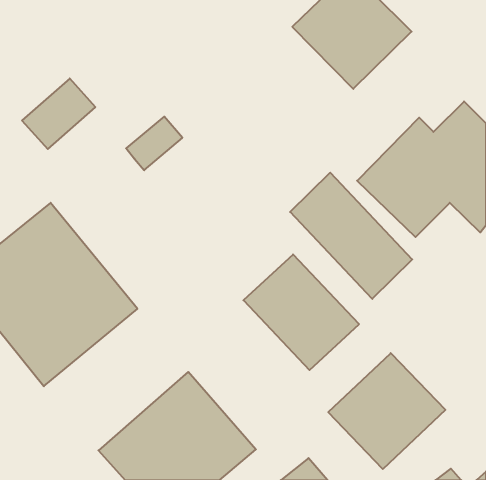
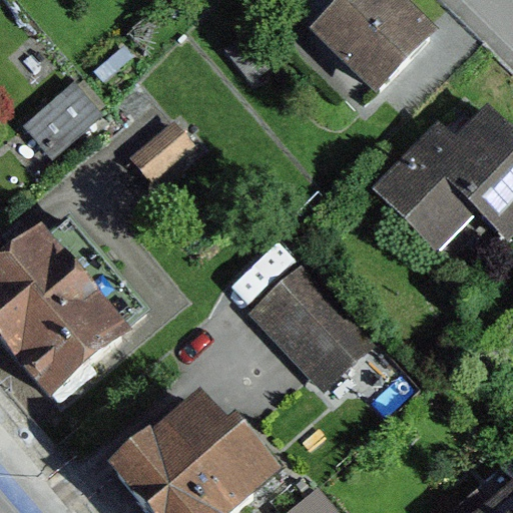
building: [290,173,412,299] -> none
building: [328,353,445,469] -> none

